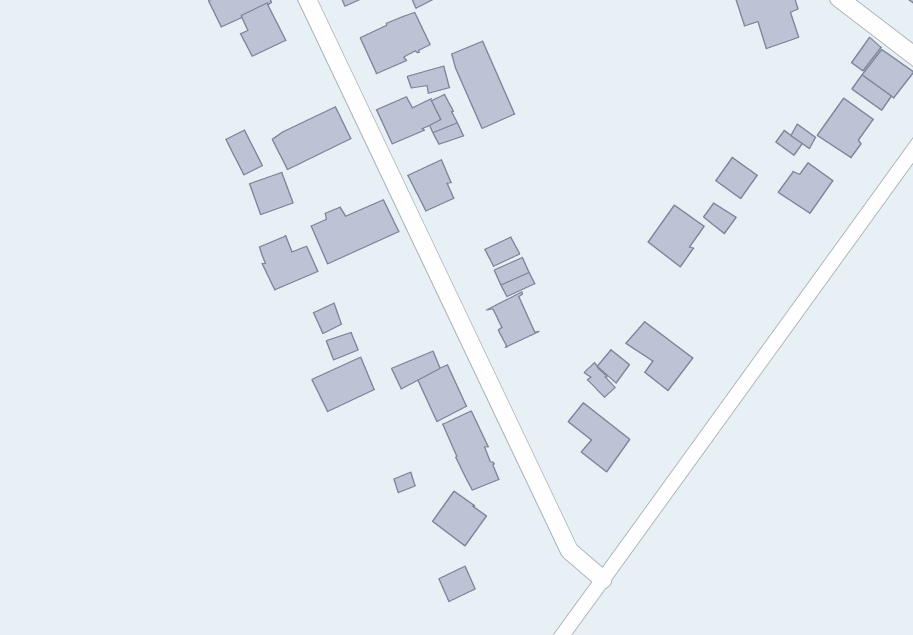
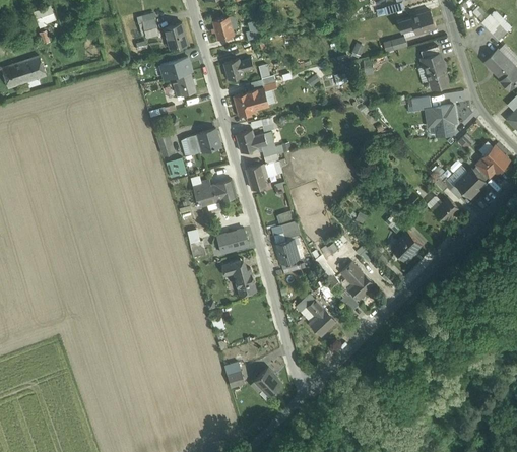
building: [452,41,514,128] -> none
building: [648,205,704,267] -> [390,231,419,262]
building: [260,236,318,290] -> none
building: [312,357,374,411] -> [216,229,247,253]
building: [443,411,499,490] -> none
building: [433,491,486,546] -> [254,368,281,396]

